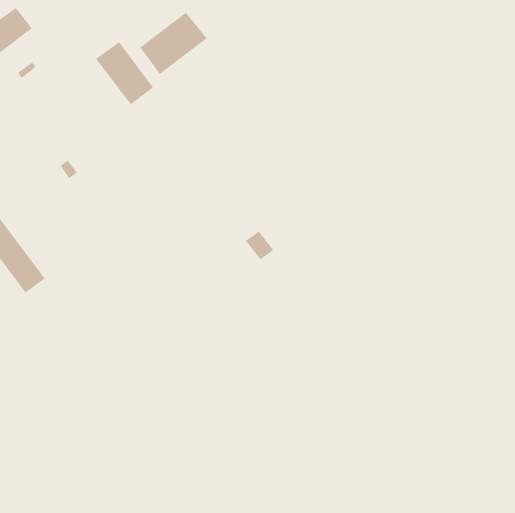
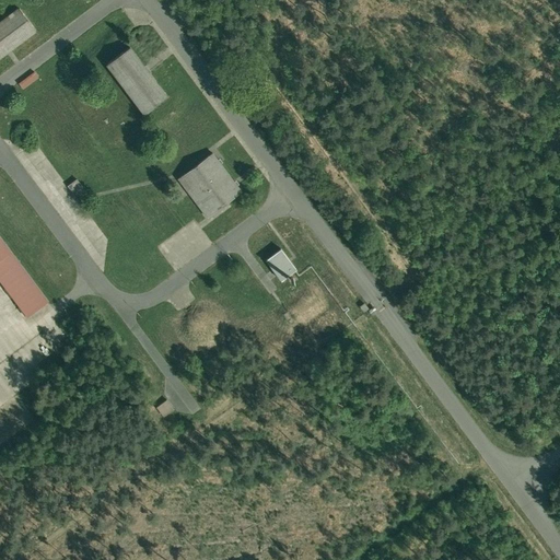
building: [140,12,207,75] -> none
building: none -> [175,153,241,220]

